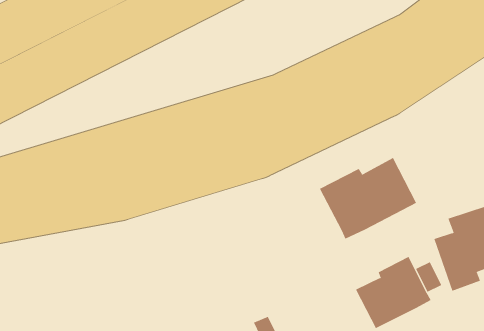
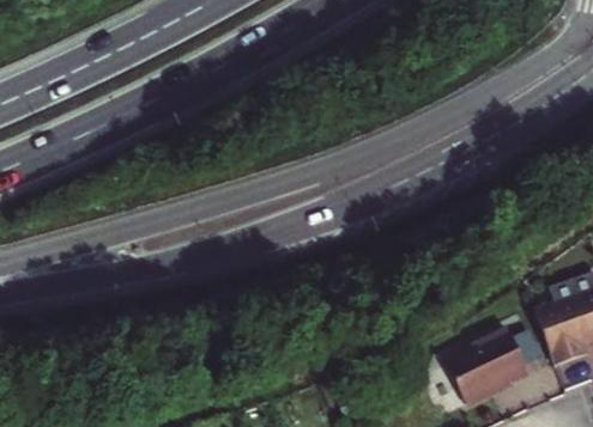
building: [319,157,417,240] -> none

